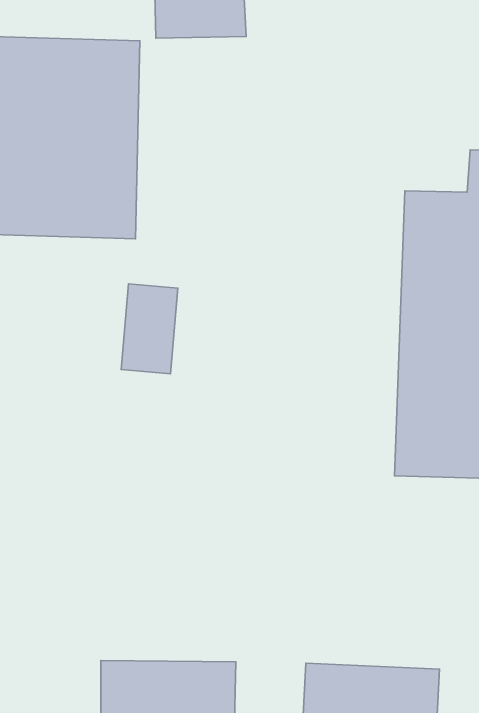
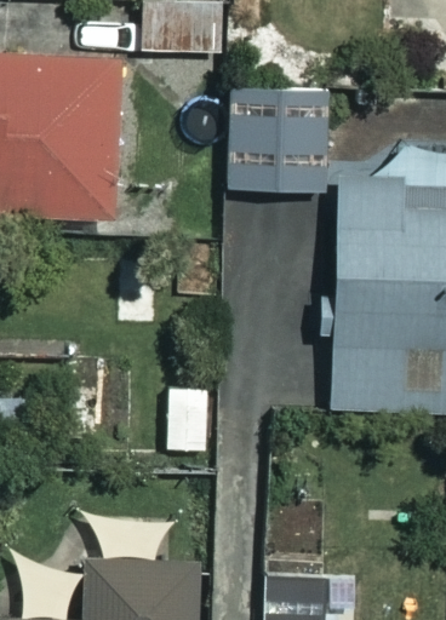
building: none -> [225,81,318,191]

